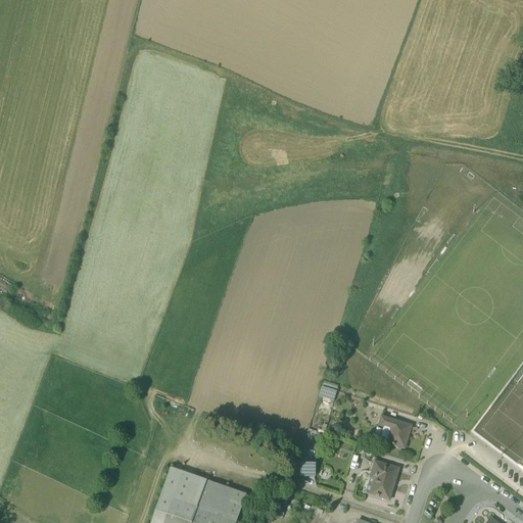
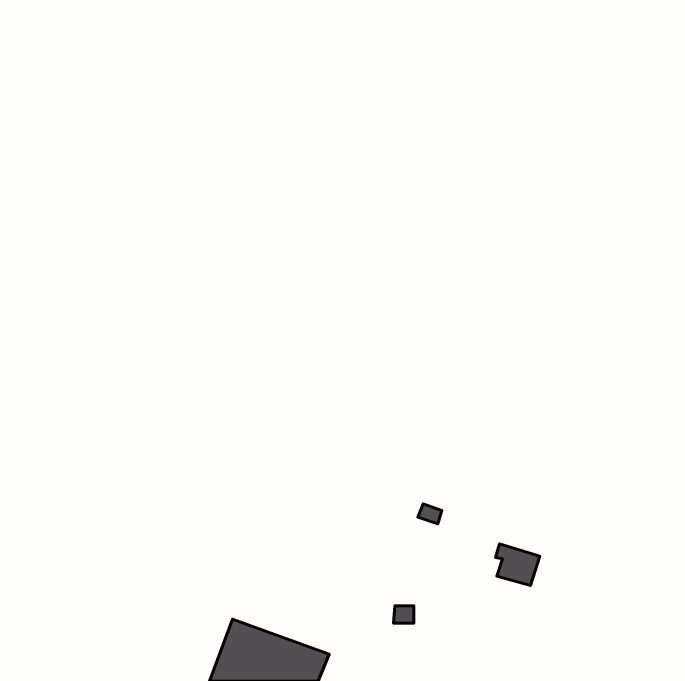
building: [366,458,400,500] -> none

